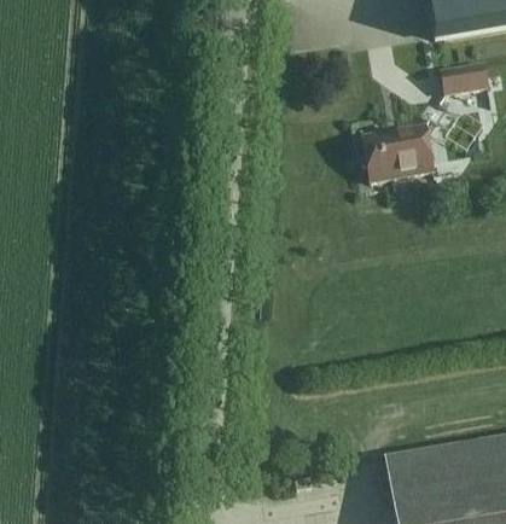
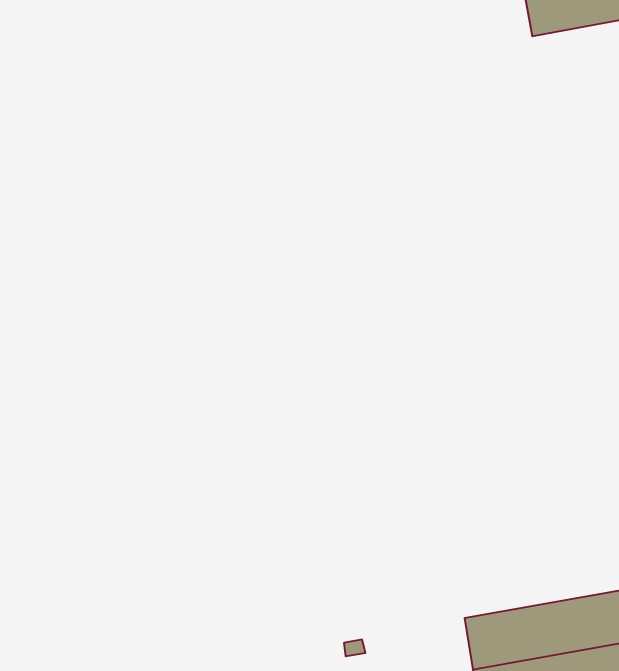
building: [443,63,490,94] -> none
building: [363,124,436,181] -> none

